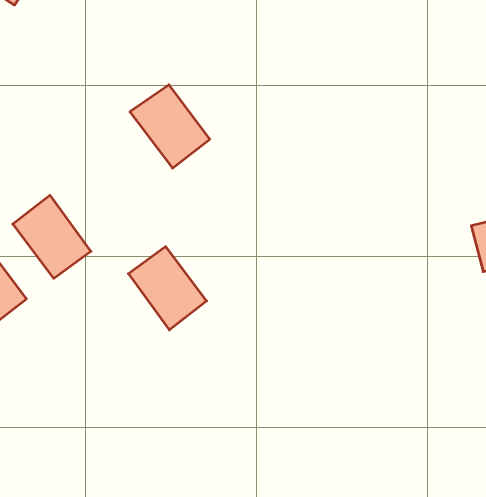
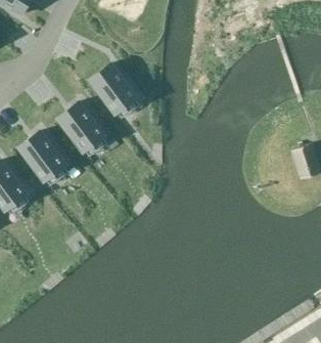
building: [128,247,207,330] -> [58,101,105,152]

